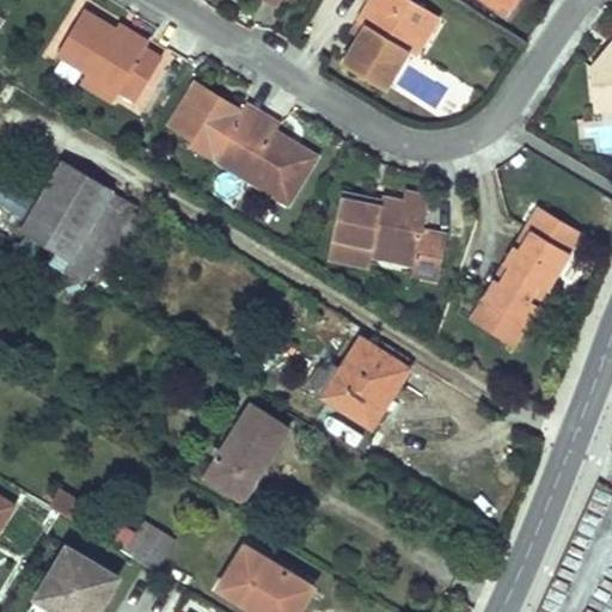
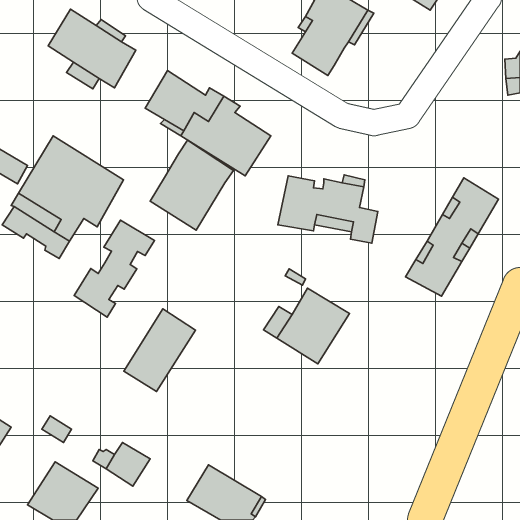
building: none -> [150,140,233,230]
building: none -> [74,220,155,317]
building: [204,400,288,497] -> [124,309,195,391]

